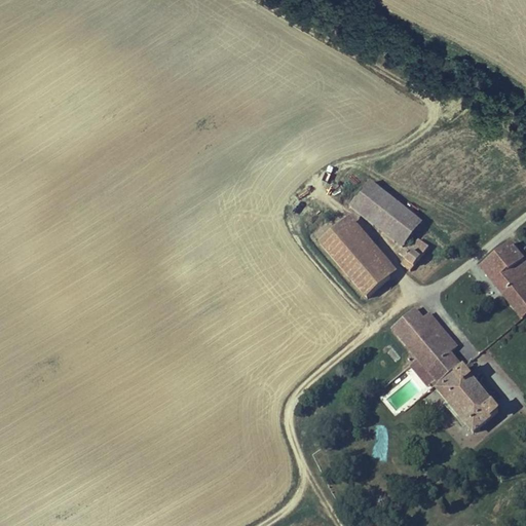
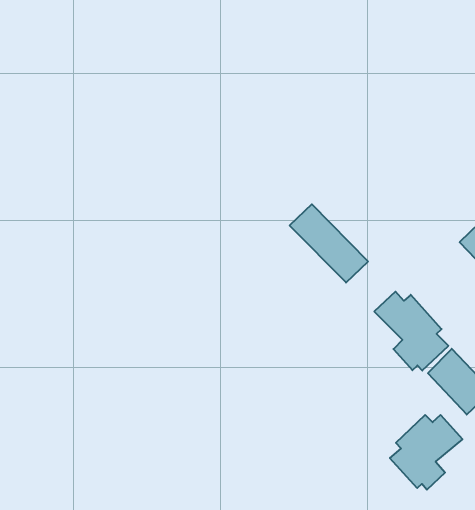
building: [350,178,429,269] -> none
building: none -> [390,415,462,490]

